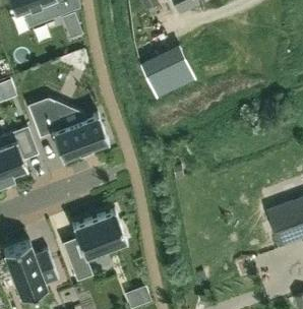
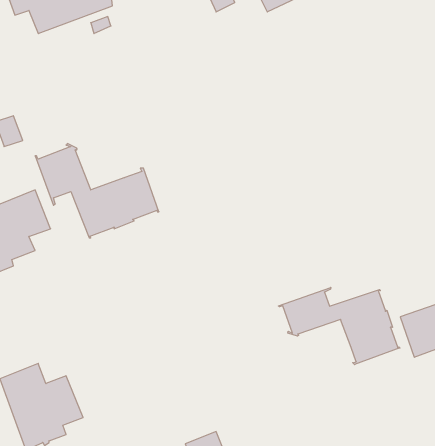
building: [140,47,195,99] -> none
building: none -> [278,287,400,365]
building: [63,210,128,282] -> none

